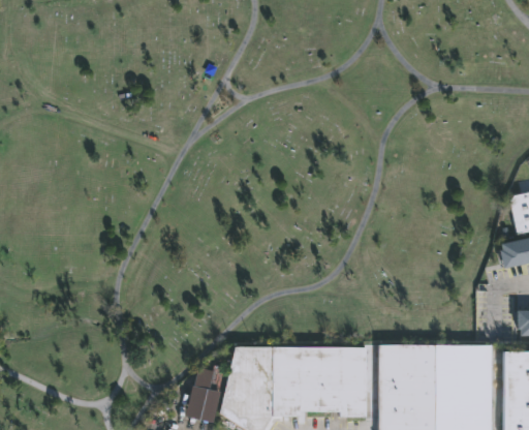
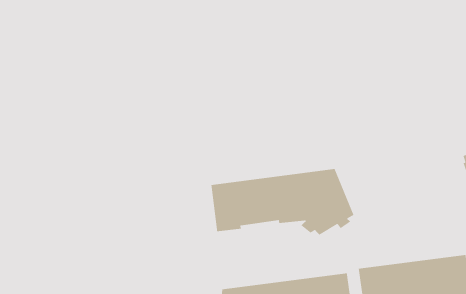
building: none -> [211,168,355,235]

